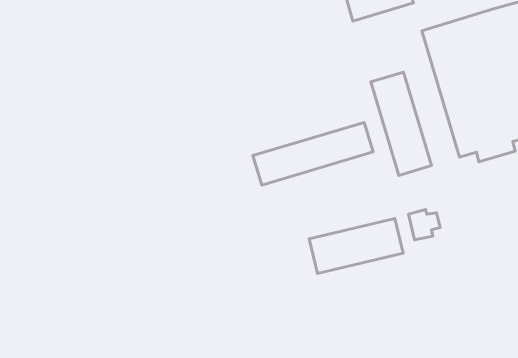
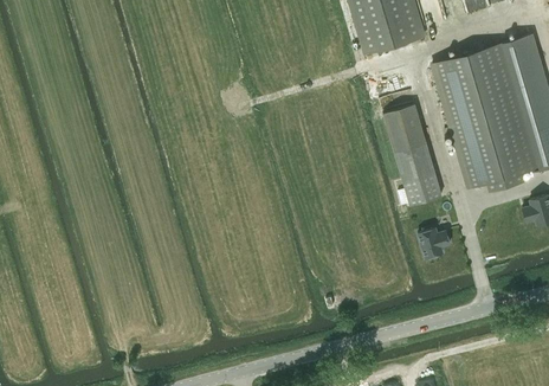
building: [253,122,373,185] -> none
building: [309,219,403,274] -> none

